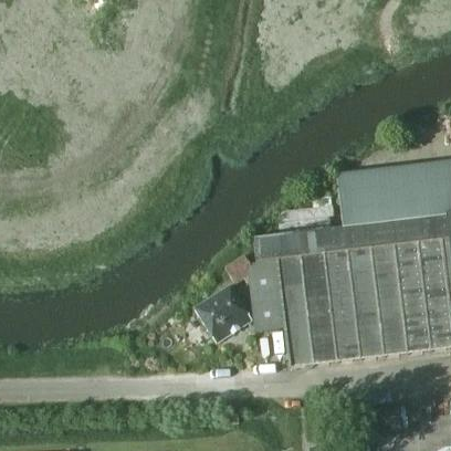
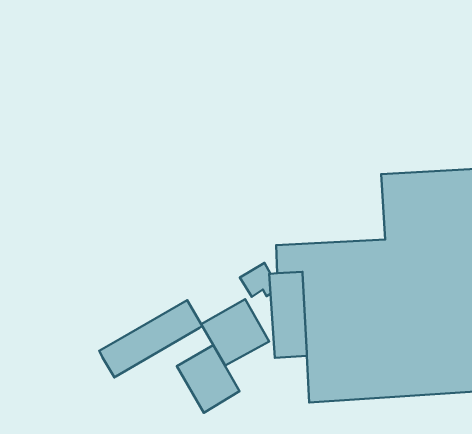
building: none -> [99,300,202,377]
building: none -> [177,345,239,413]

